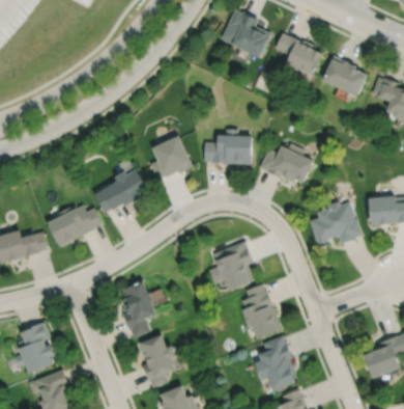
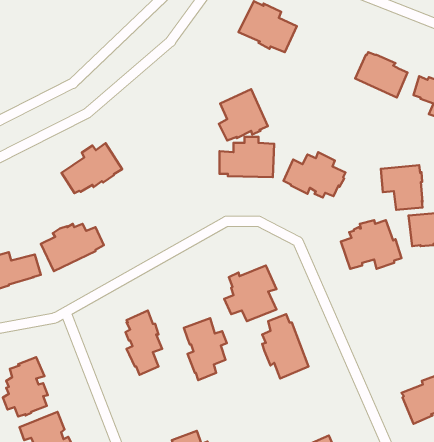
building: [275,33,322,74] -> none
building: [148,135,191,180] -> [219,89,268,140]
building: none -> [381,165,422,210]
building: [94,168,147,212] -> [61,143,122,193]
building: [140,334,177,388] -> [184,318,227,380]
building: [253,336,294,391] -> none

